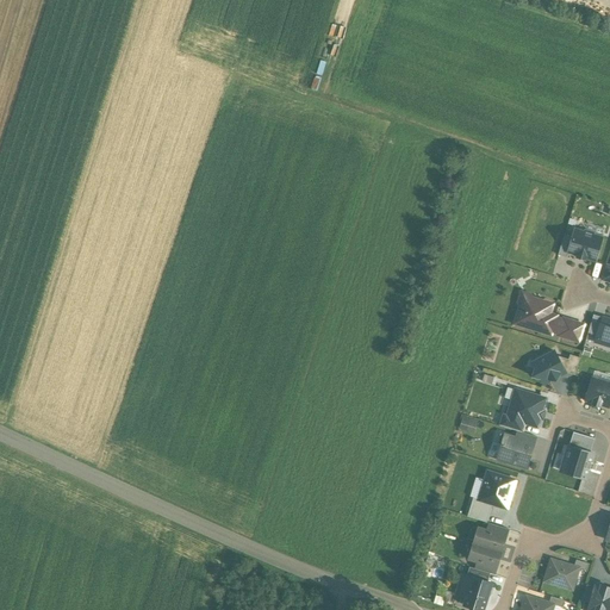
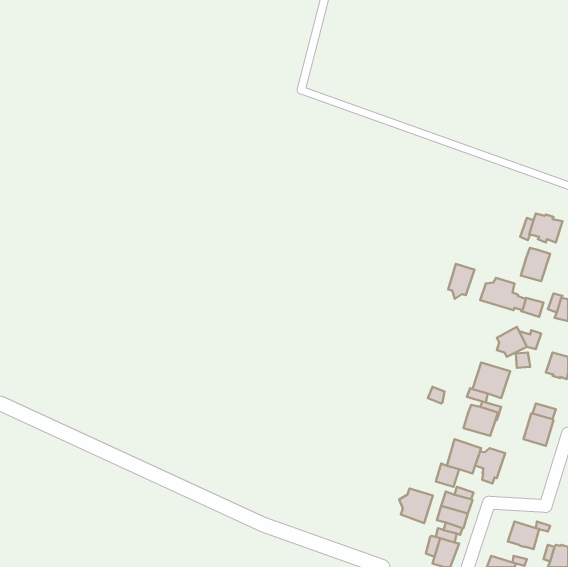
building: none -> [521,248,550,281]
building: none -> [448,264,475,299]
building: none -> [475,448,505,483]
building: none -> [399,488,433,523]

